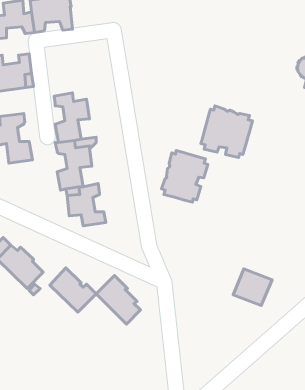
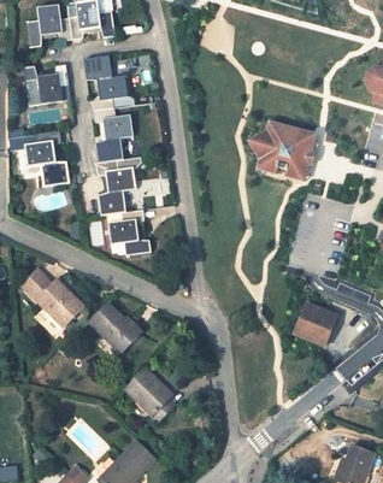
building: none -> [83,55,136,111]
building: [162,151,208,202] -> none
building: [96,275,140,324] -> [125,367,175,422]

